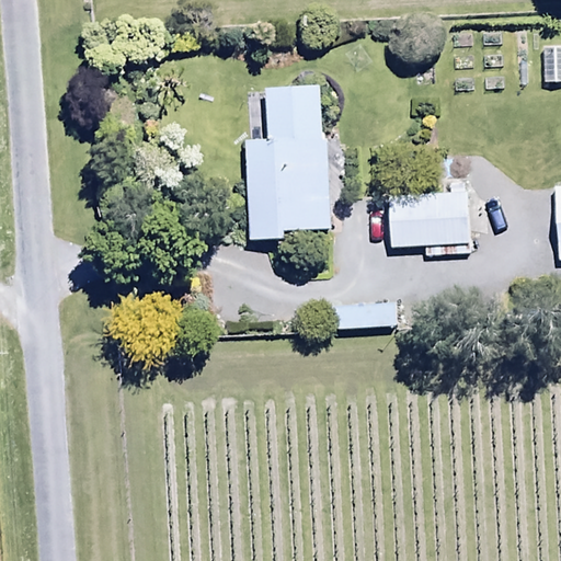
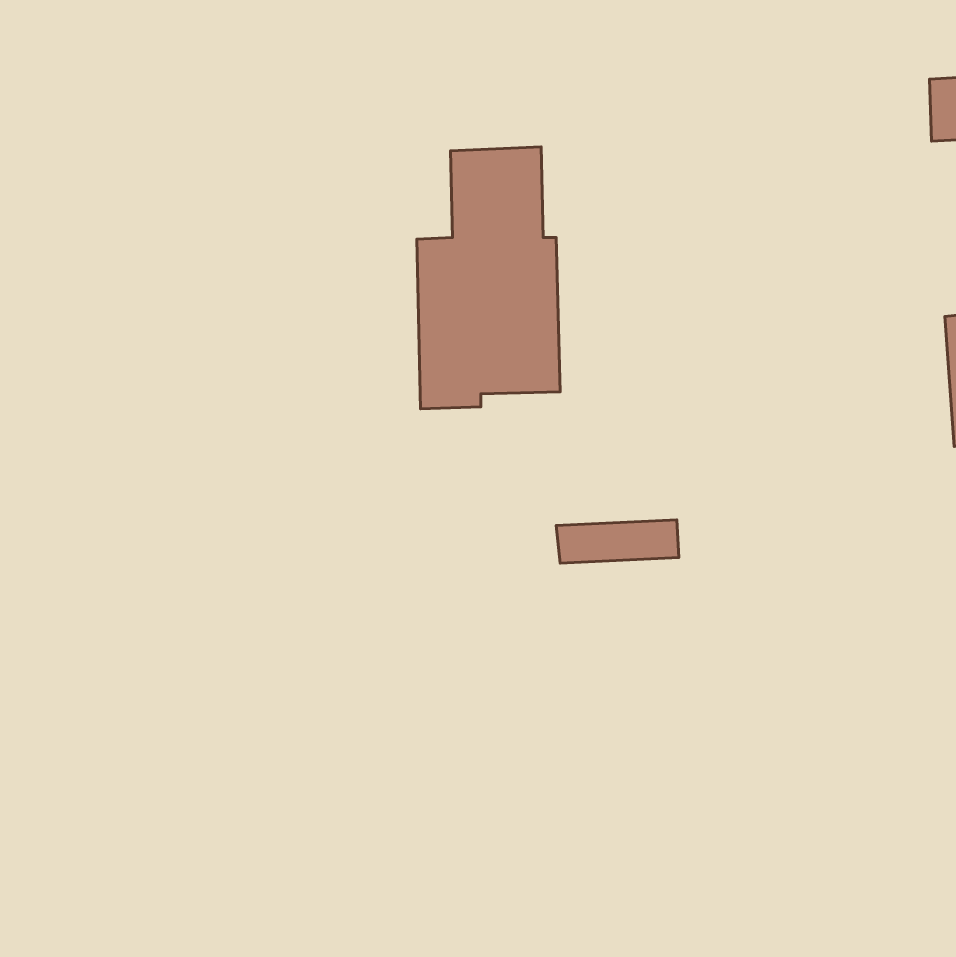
building: [390,192,471,254] -> none

